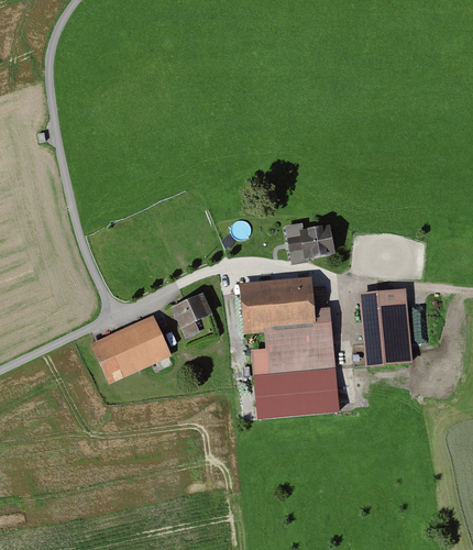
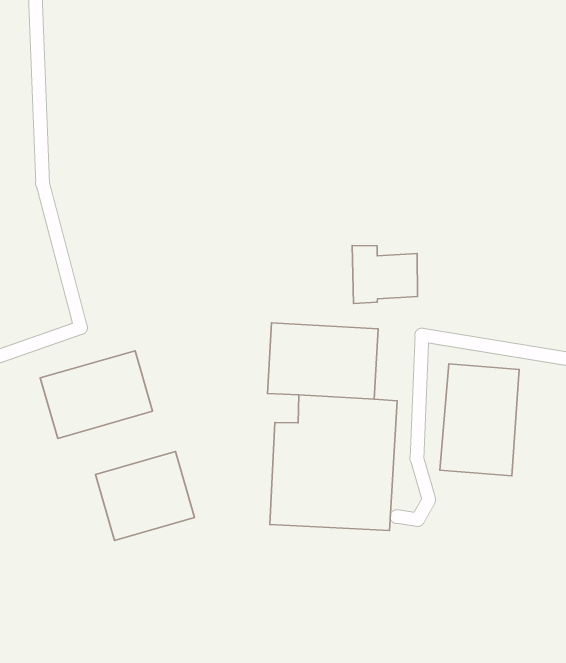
building: [172,292,211,338] -> none
building: none -> [96,451,194,540]

